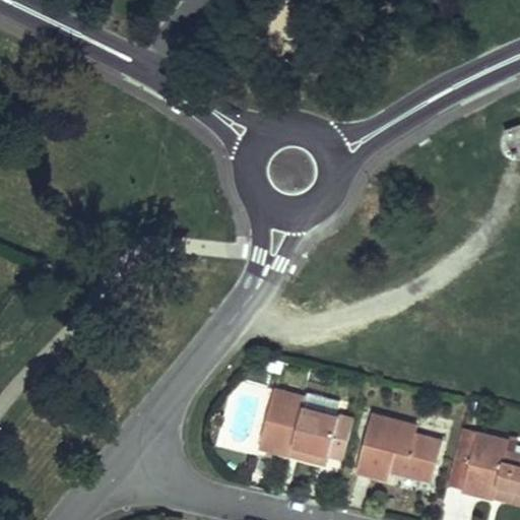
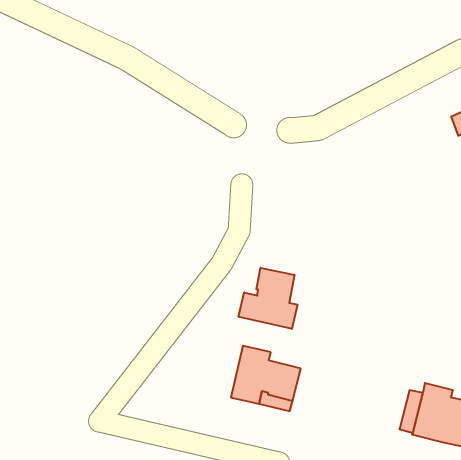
building: none -> [239,268,297,329]
building: [358,416,442,480] -> none

